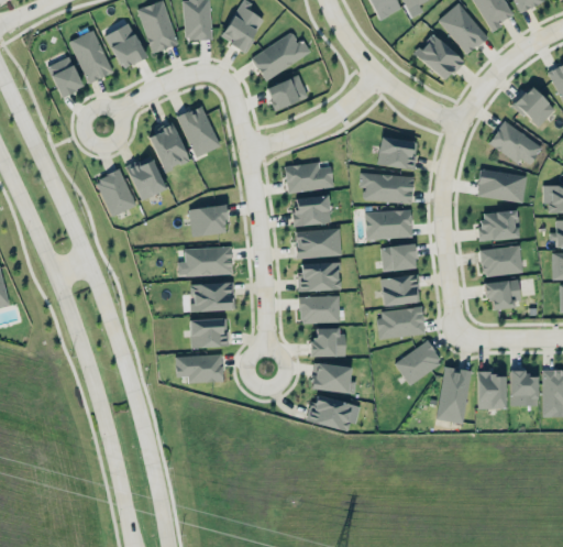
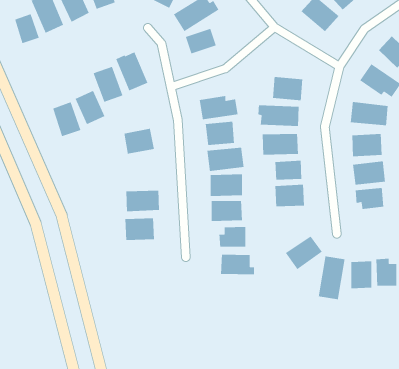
building: [178,247,233,276] -> none
building: [378,307,426,339] -> none
building: [176,354,223,383] -> none
building: [308,395,354,430] -> none

